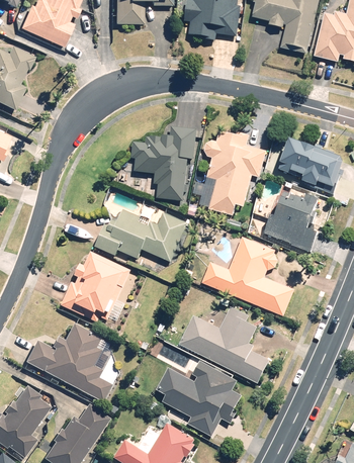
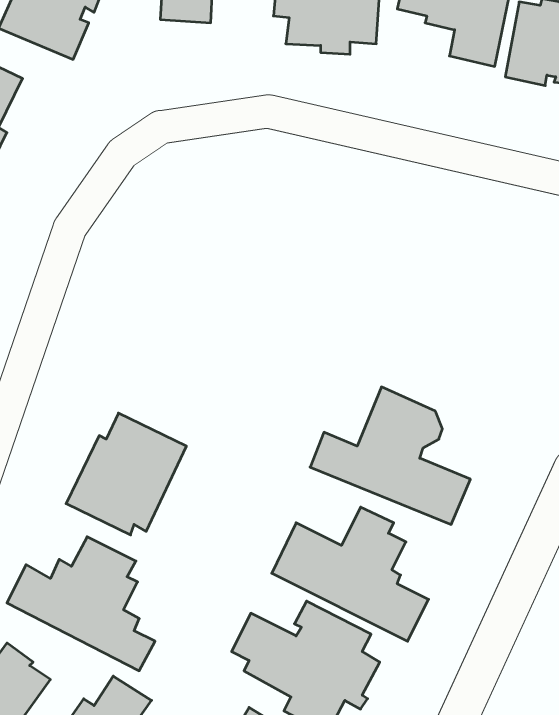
building: [131,127,195,199] -> none
building: [203,131,266,215] -> none
building: [278,140,338,195] -> none
building: [264,188,321,252] -> none
building: [95,209,187,261] -> none

